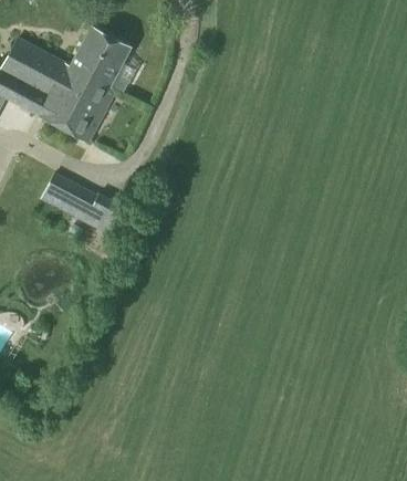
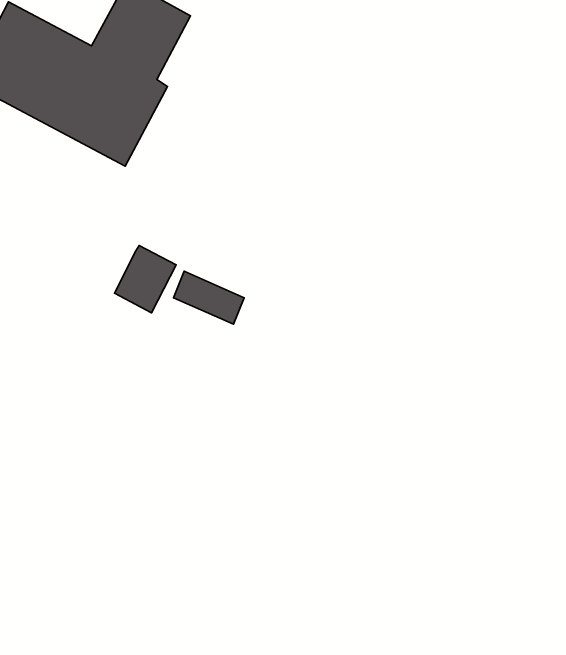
building: [46,178,91,211] -> [174,271,244,324]

